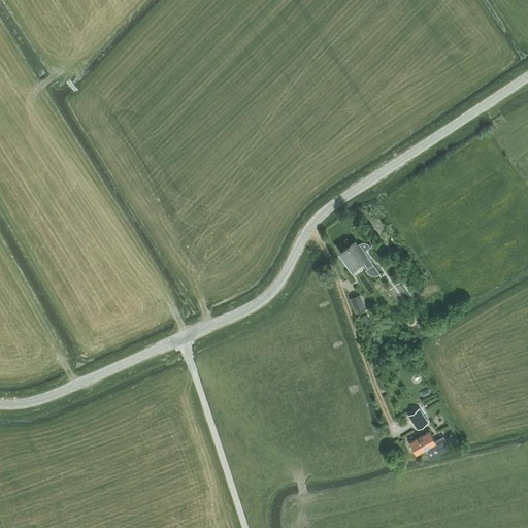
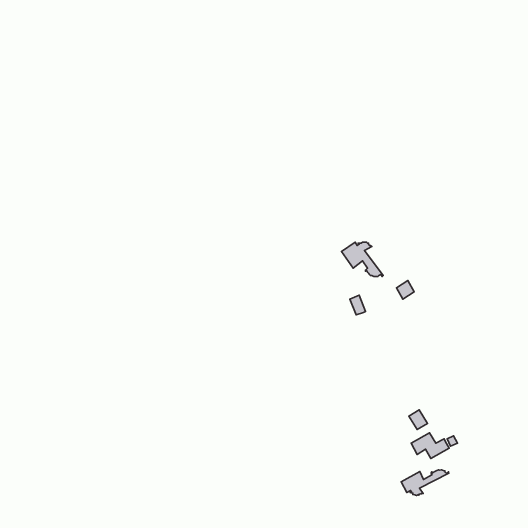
building: none -> [401,470,449,495]

